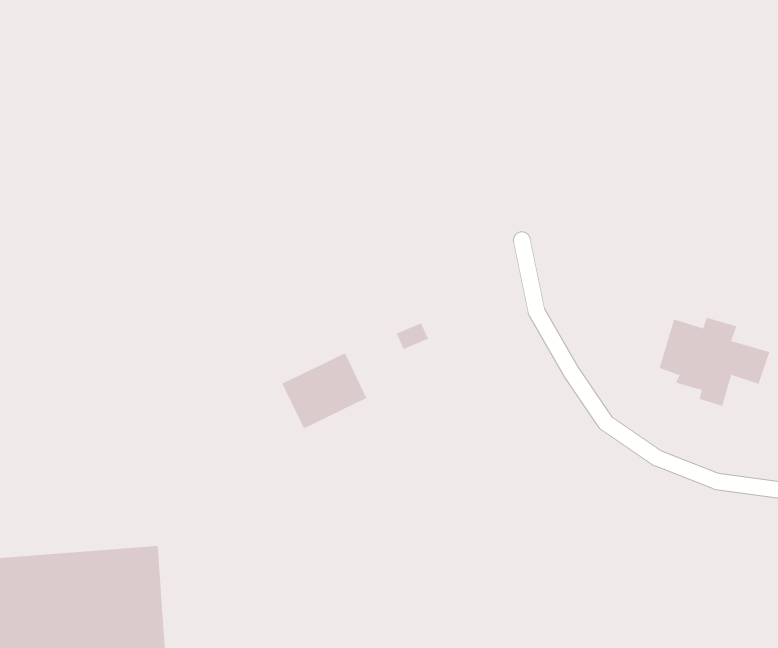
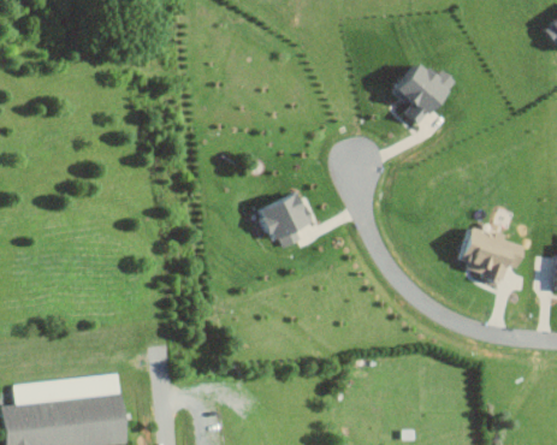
building: none -> [384,60,439,123]
building: [281,352,367,429] -> [251,189,308,239]

